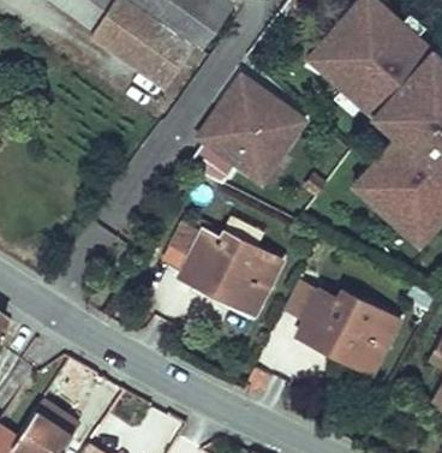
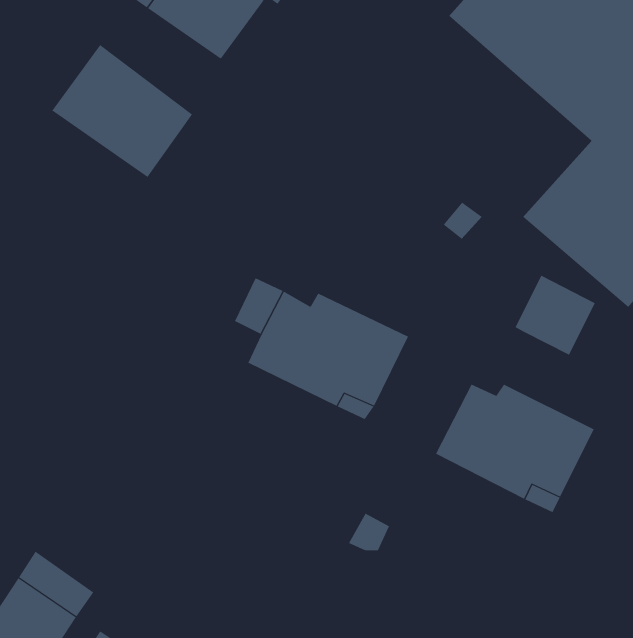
building: none -> [52,44,193,178]
building: [190,74,306,183] -> none
building: none -> [515,275,595,355]

